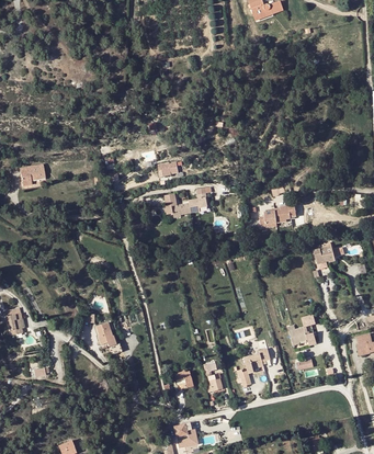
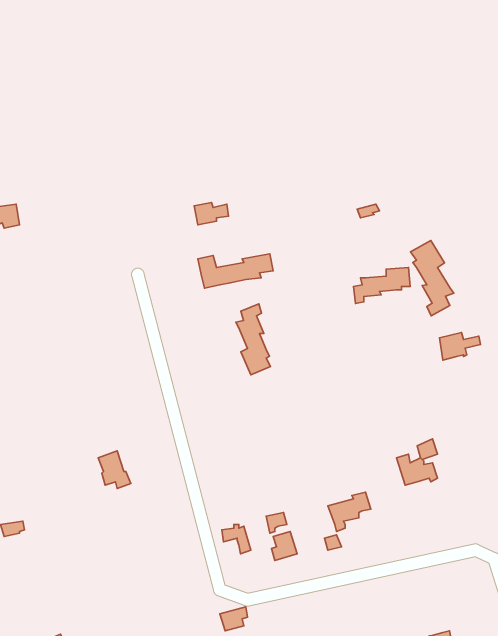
building: none -> [410,240,454,316]
building: none -> [236,304,271,375]

